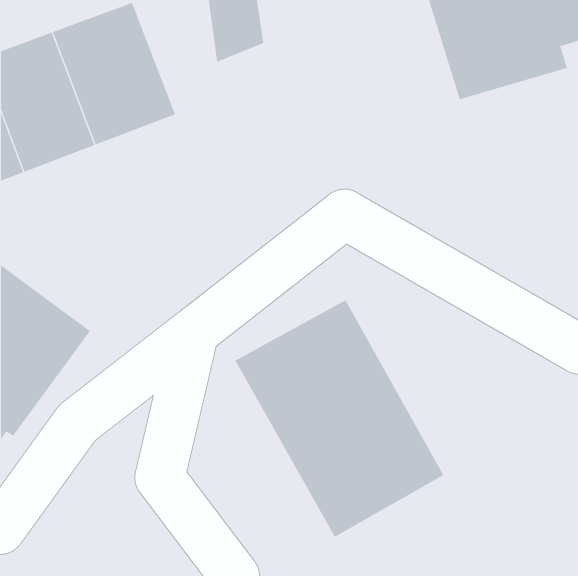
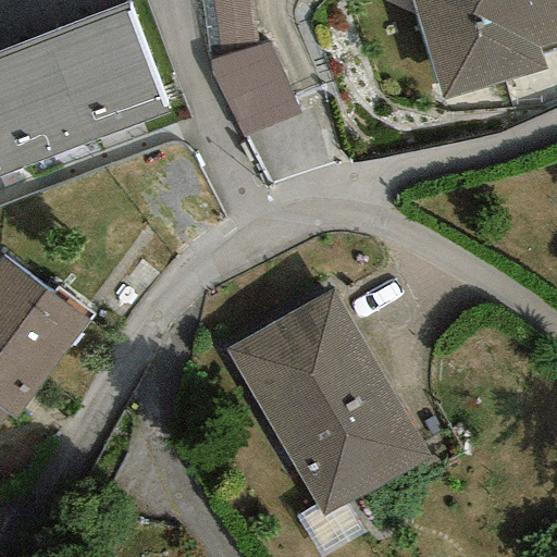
building: none -> [209,36,299,137]

